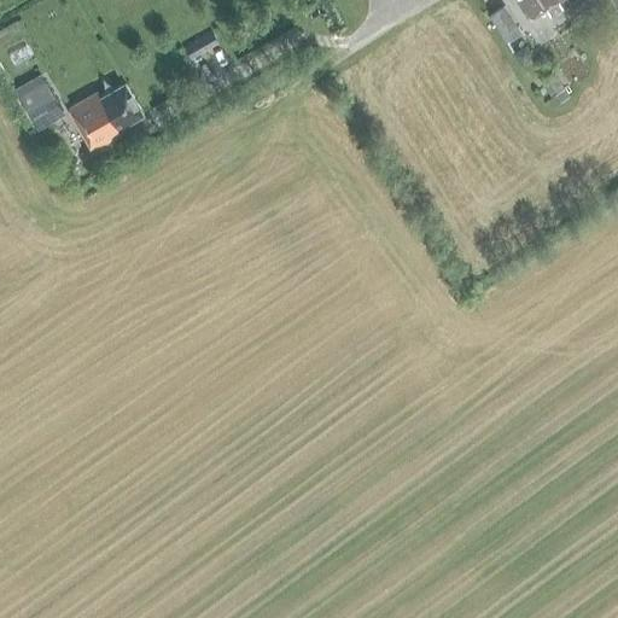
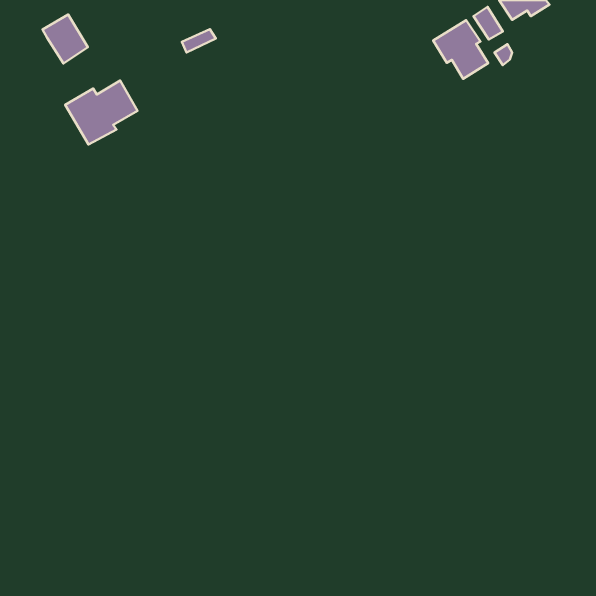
building: none -> [433,20,488,79]
building: [17,80,64,130] -> [42,14,88,63]

